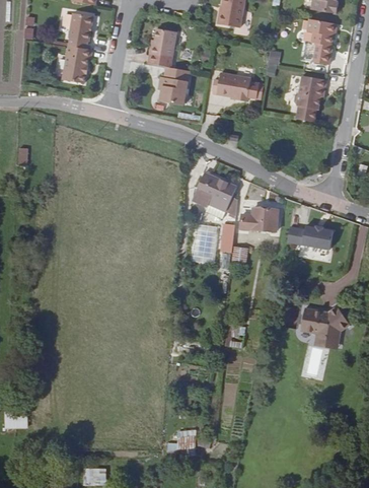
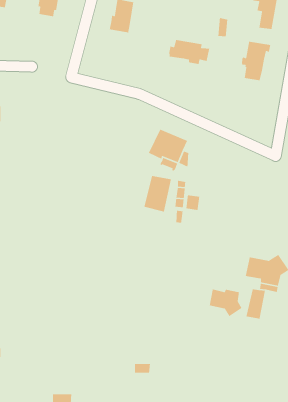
building: [63,46,92,83] -> none
building: [159,66,190,104] -> none
building: [240,207,277,230] -> none
building: [285,226,330,251] -> none
building: none -> [209,289,243,317]

